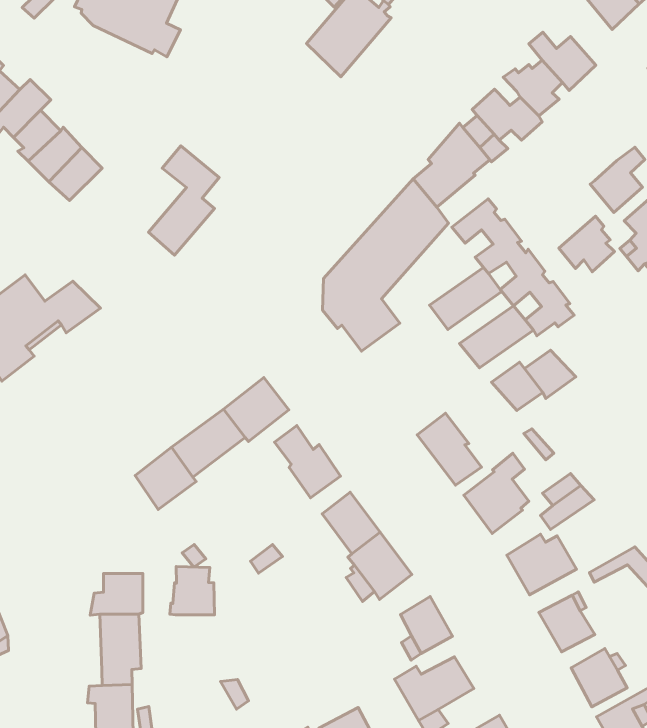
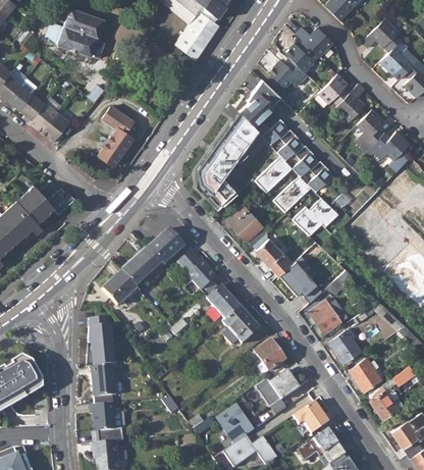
building: [559,216,615,272] -> [319,73,350,104]
building: none -> [226,205,263,242]
building: [170,566,215,615] -> [88,316,112,344]

